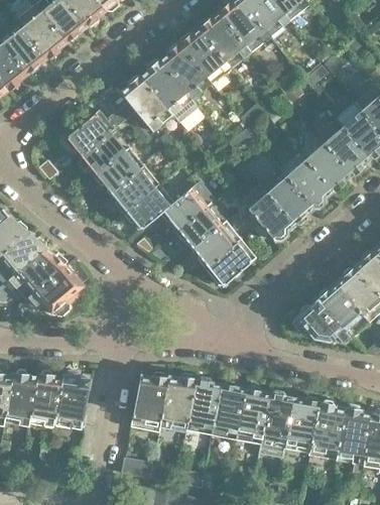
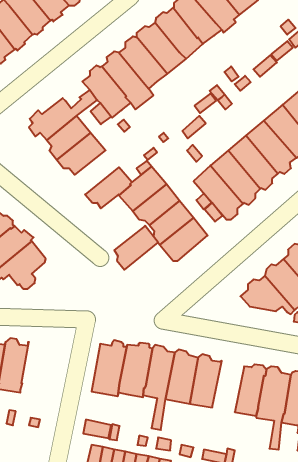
building: [113,166,160,214] -> [114,226,158,270]
building: [54,370,91,429] -> none
building: [261,390,295,449] -> none

